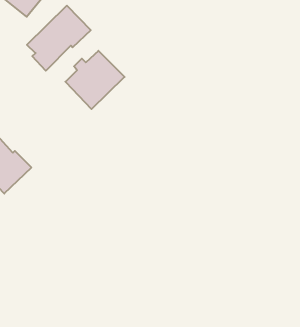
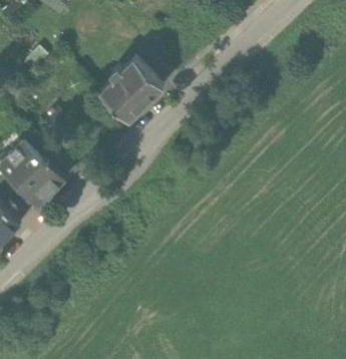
building: [27,6,91,71] -> none

